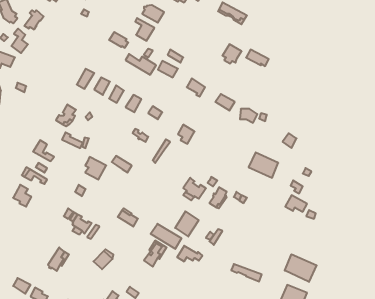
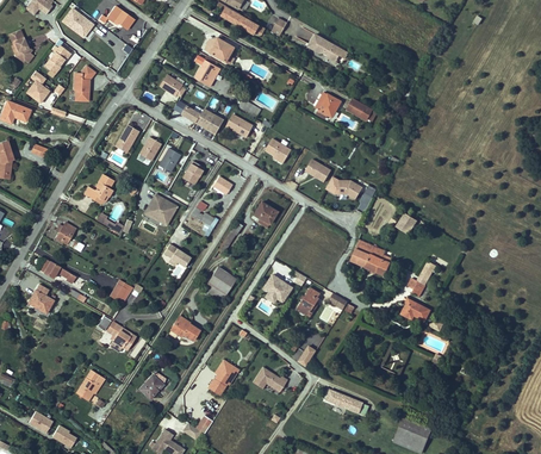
building: none -> [74,64,95,101]
building: [85,157,106,180] -> [149,194,178,225]
building: [175,211,199,237] -> [204,267,236,301]
building: [151,224,181,249] -> none
building: [285,254,317,282] -> none

